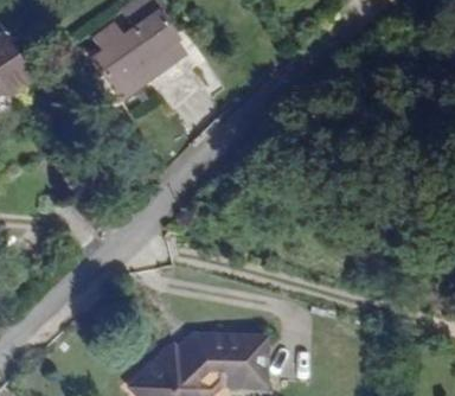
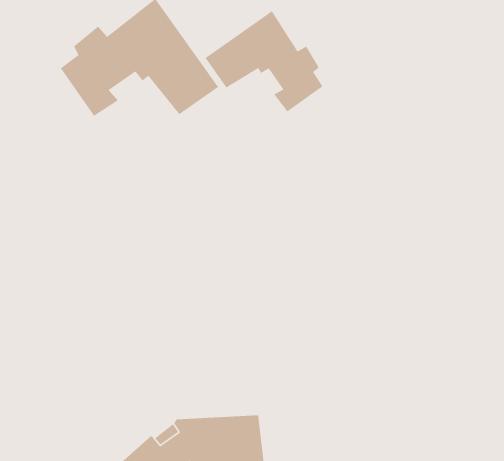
building: none -> [204,10,324,112]

